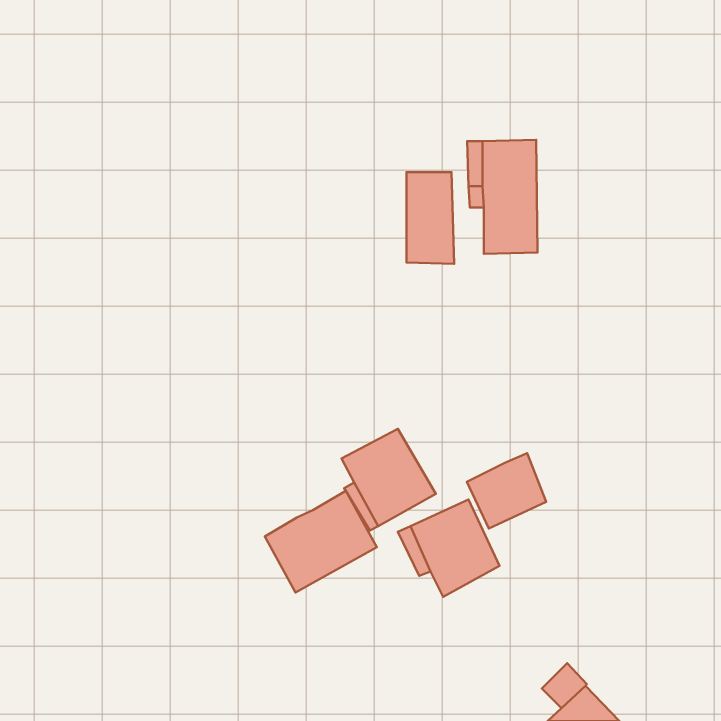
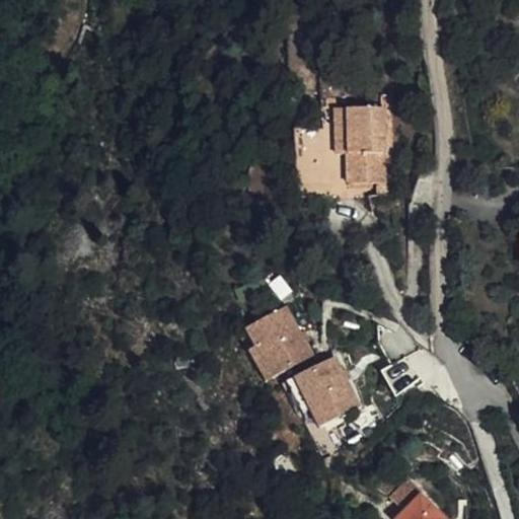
building: [467,453,546,529] -> none
building: [265,491,377,593] -> none

